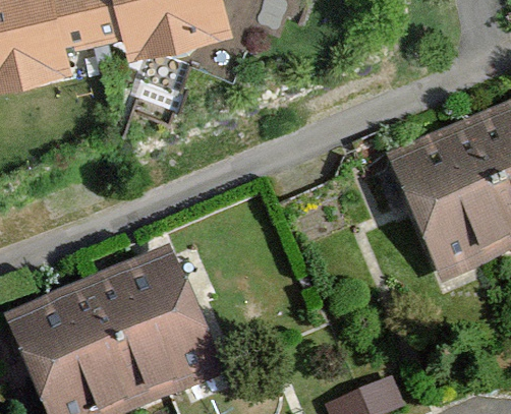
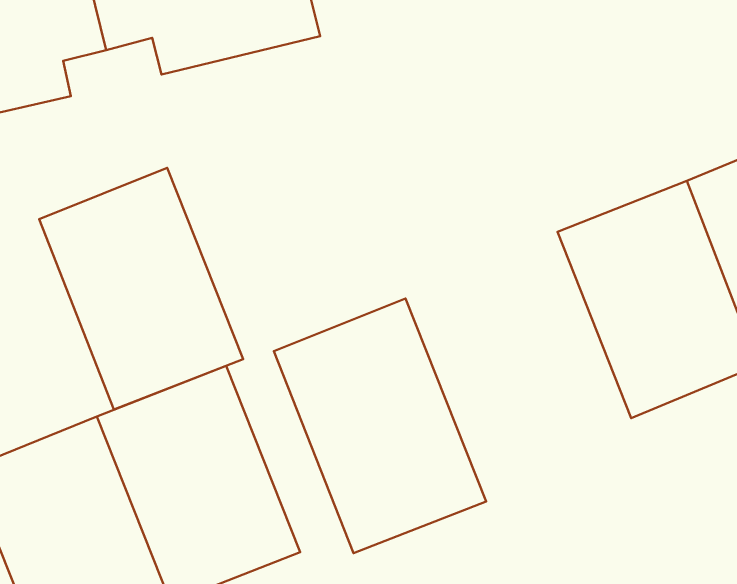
building: none -> [39,168,243,409]
building: none -> [274,298,486,553]

